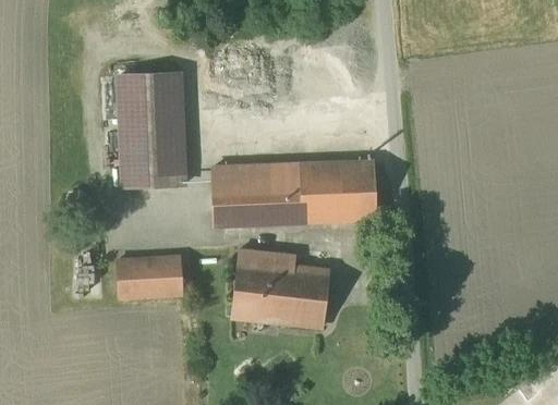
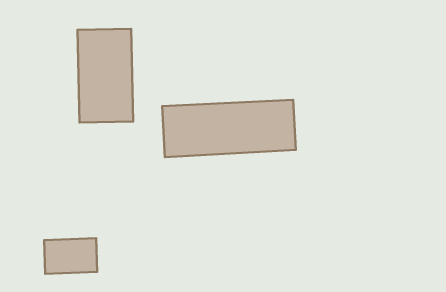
building: [121,255,184,297] -> [44,238,97,274]
building: [232,258,337,327] -> none

